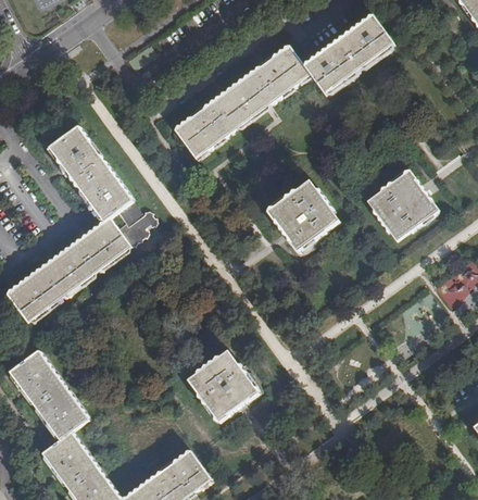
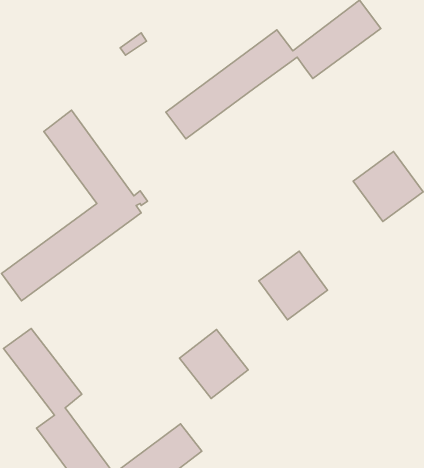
building: [268,182,339,252] -> [259,251,328,320]

